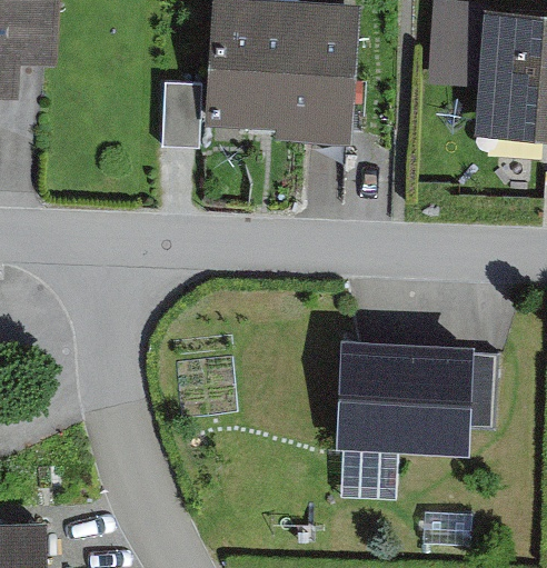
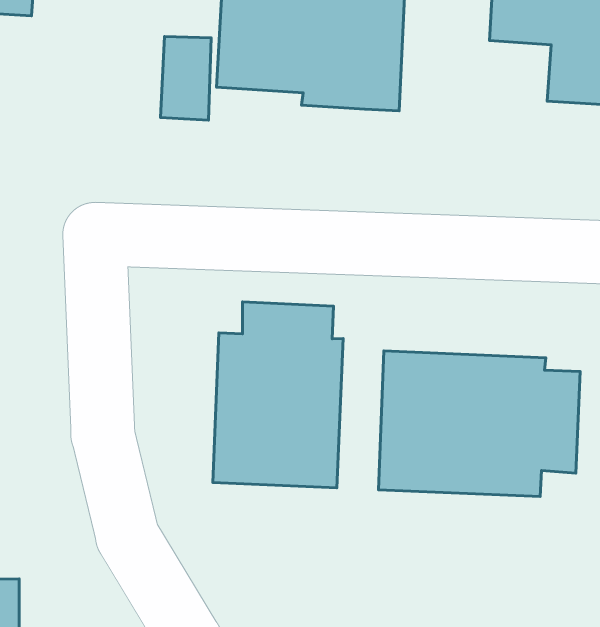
building: none -> [213,302,343,488]

